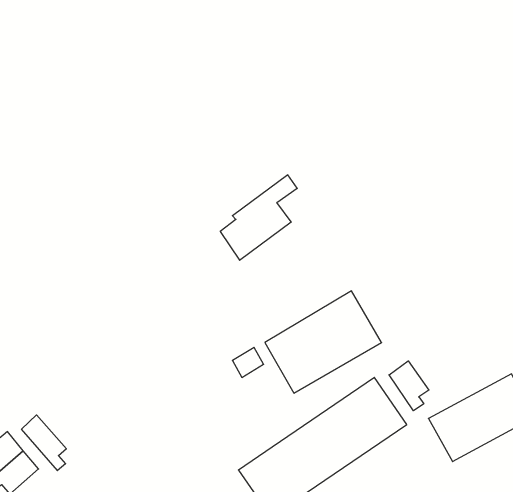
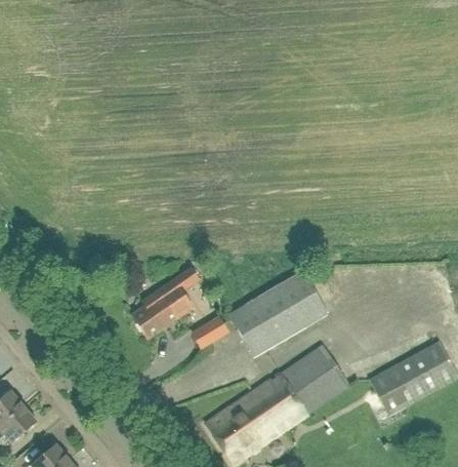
building: [220,175,297,260] -> [131,266,197,339]
building: [389,361,429,411] -> none
building: [22,415,66,471] -> none

